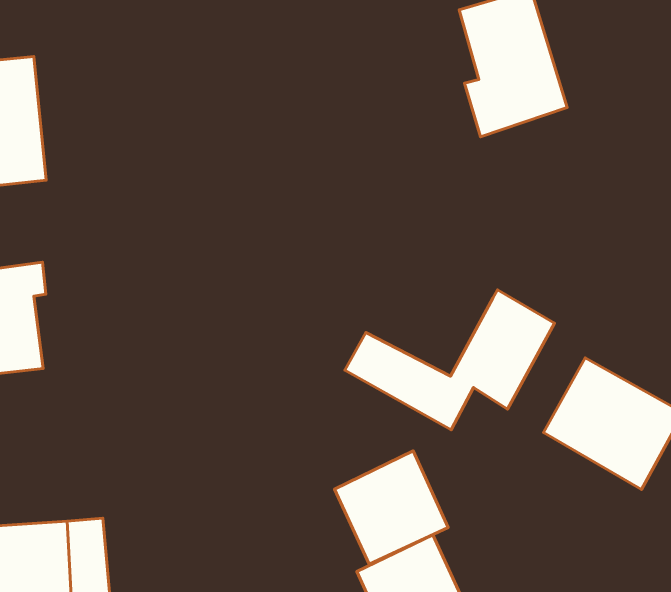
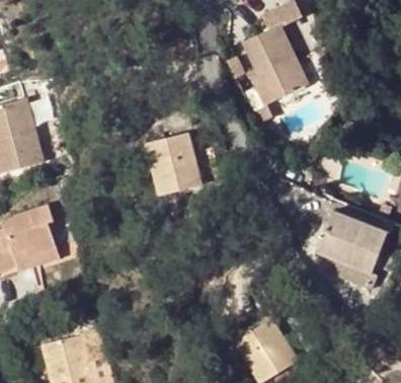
building: none -> [147,134,202,196]
building: [345,290,554,430] -> none
building: [335,451,448,564] -> none

